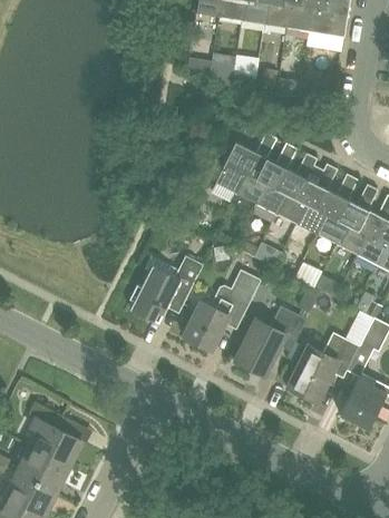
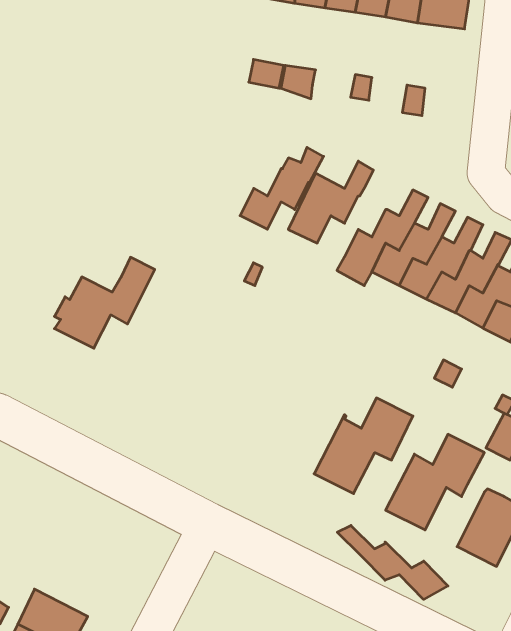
building: [236,143,298,203] -> [240,147,324,229]
building: [129,256,203,323] -> [54,257,155,348]
building: [227,271,261,307] -> none
building: [183,301,228,350] -> none
building: none -> [337,525,448,599]
building: [28,402,81,467] -> none

